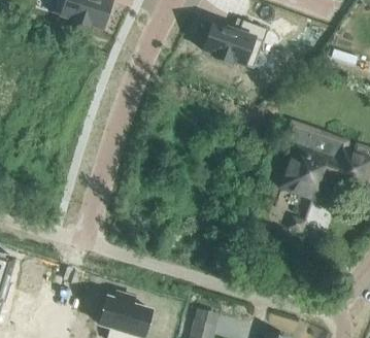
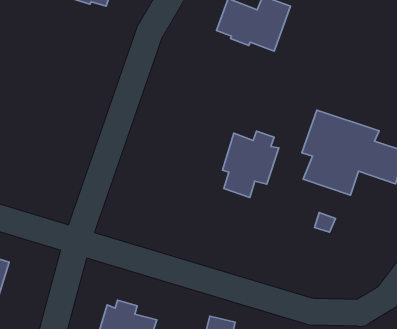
building: none -> [223,131,279,198]

